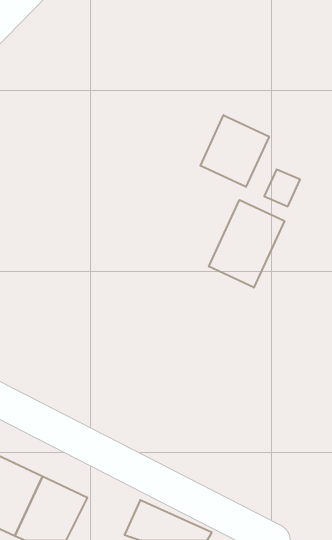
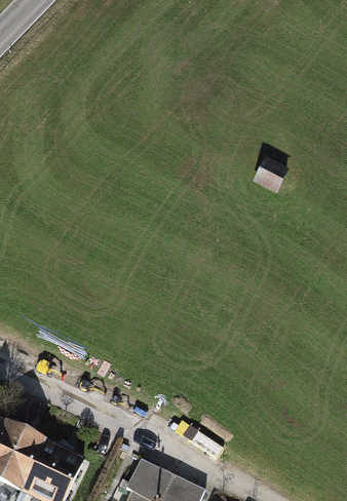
building: [200,115,269,187] -> none
building: [209,200,284,288] -> none

